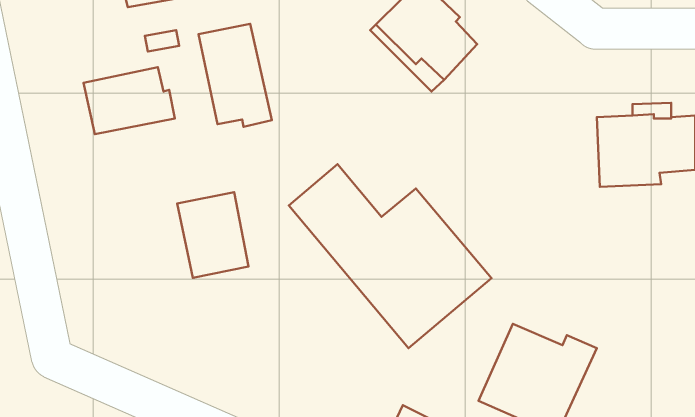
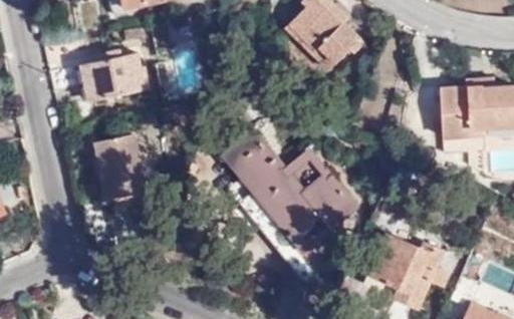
building: [199,24,272,127] -> none
building: [177,192,248,278] -> [93,137,144,198]

